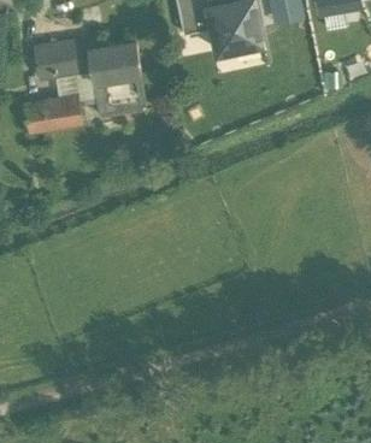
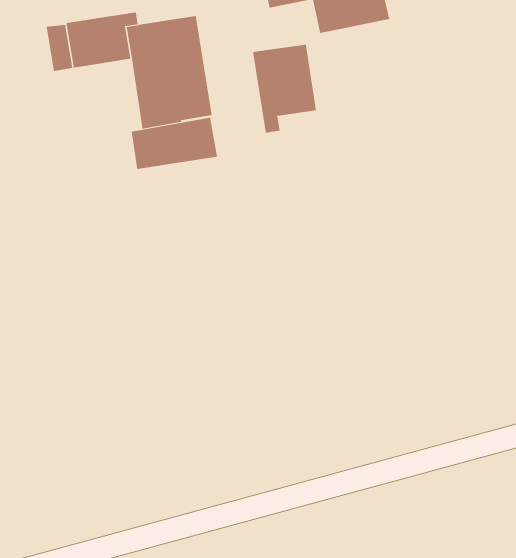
building: none -> [252,44,317,134]
building: [24,96,82,131] -> [131,117,218,170]

